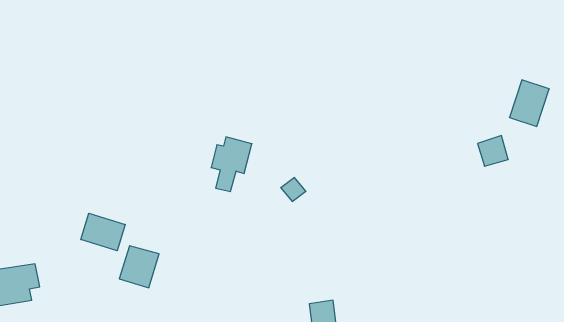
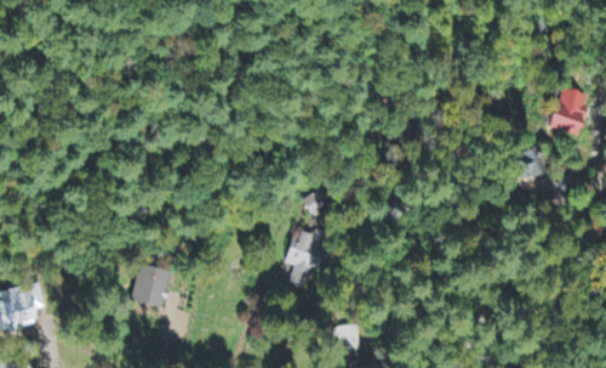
building: [211,137,252,192] -> [285,230,328,288]
building: [81,213,125,251] -> none

